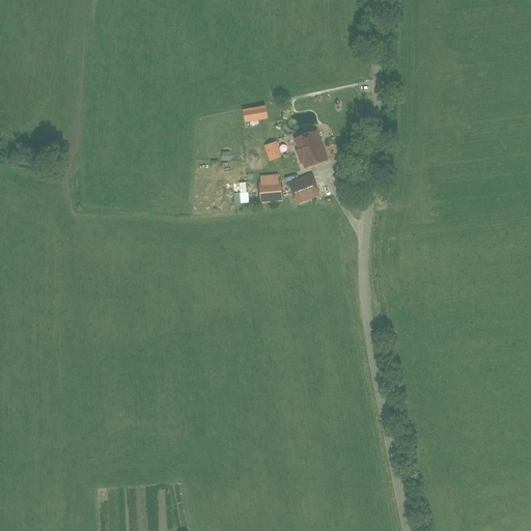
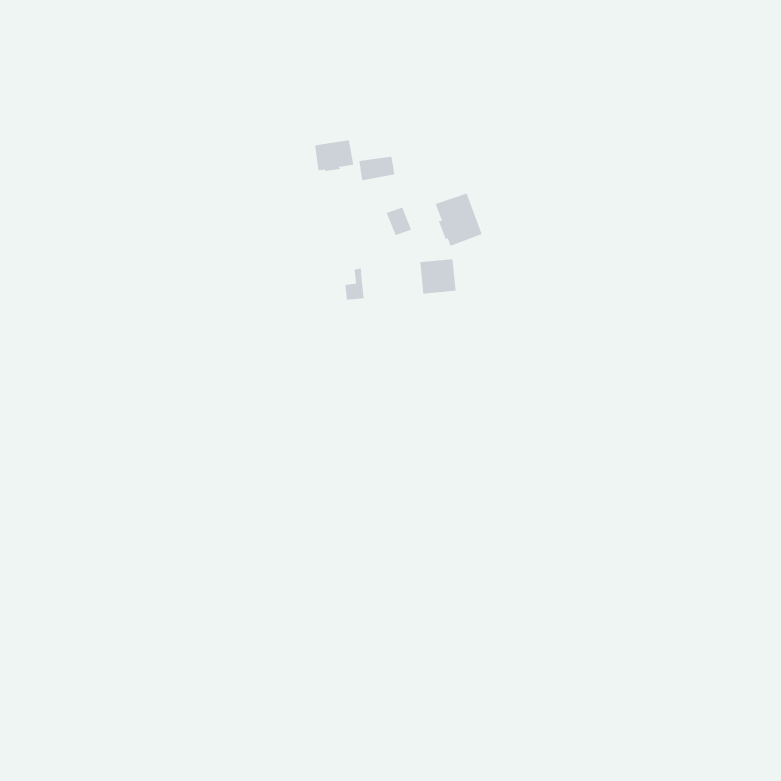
building: none -> [314,139,354,172]
building: [260,180,283,202] -> none

